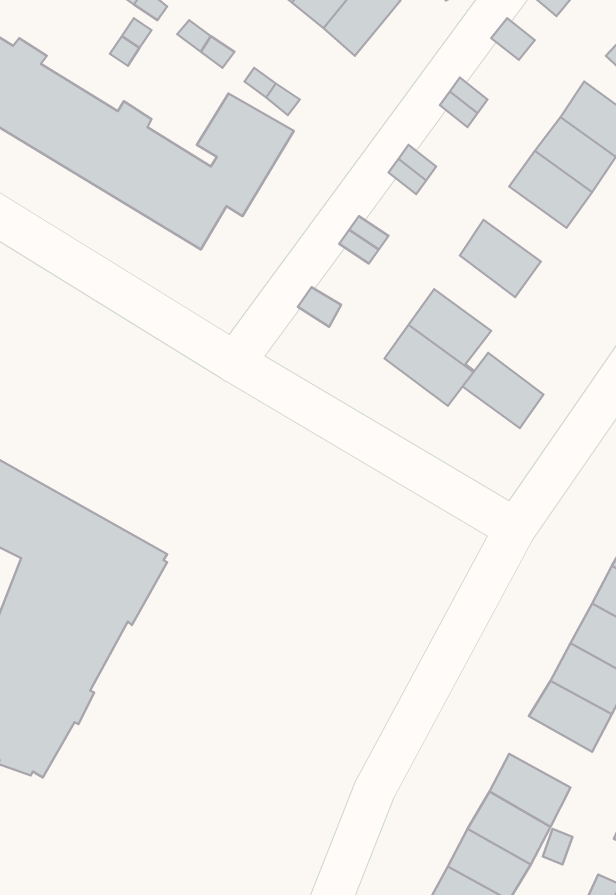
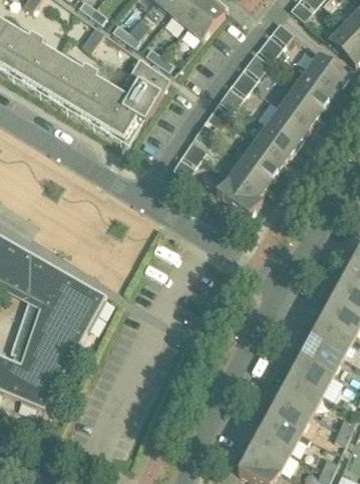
building: none -> [266,106,308,145]
building: [463,353,544,428] -> [241,142,282,180]
building: none -> [279,376,321,412]

